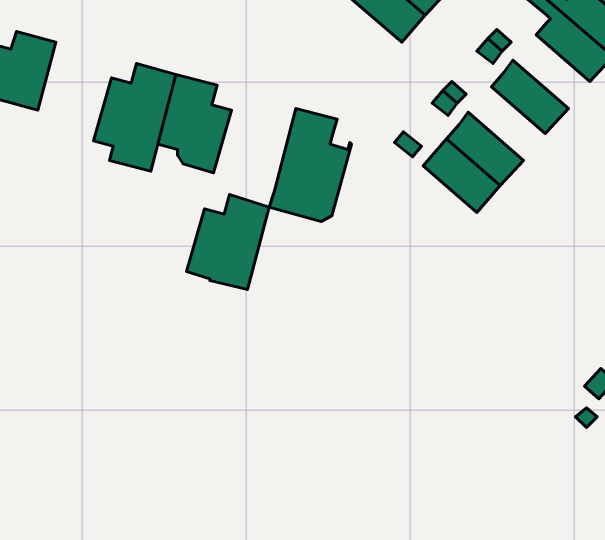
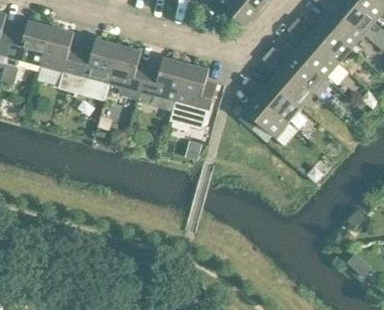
building: none -> [308,23,351,64]
building: none -> [41,27,82,83]
building: none -> [282,52,326,94]
building: none -> [240,97,287,138]
building: [187,194,269,289] -> [140,57,186,111]

